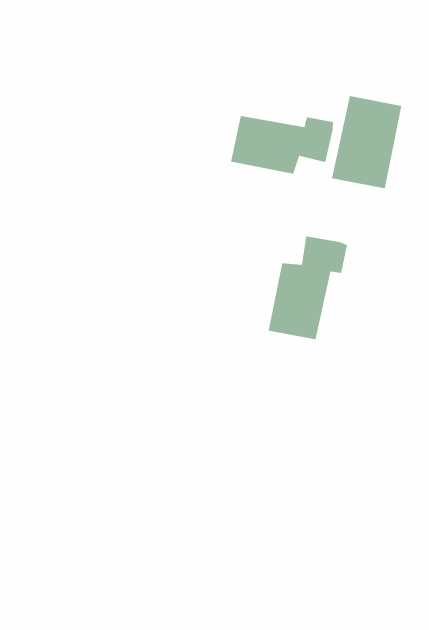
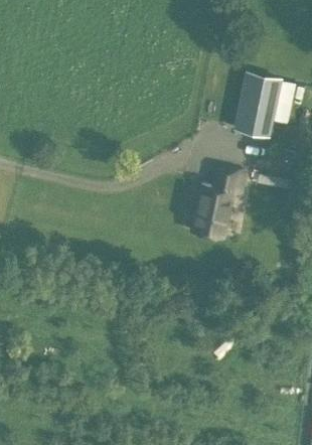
building: [231,115,333,175] -> none

